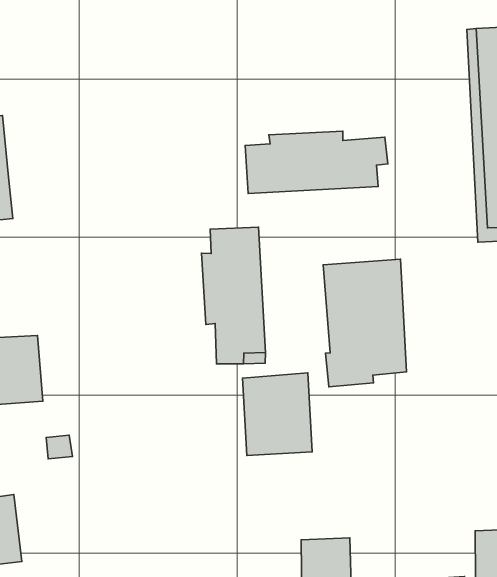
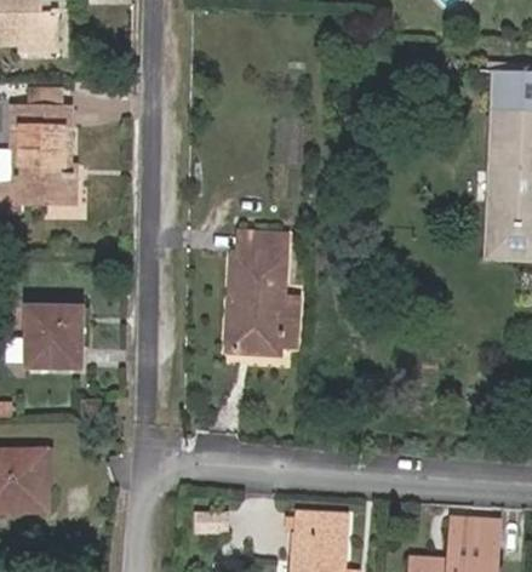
building: [245,131,388,193] -> none
building: [323,259,407,387] -> none
building: [242,373,312,456] -> none

